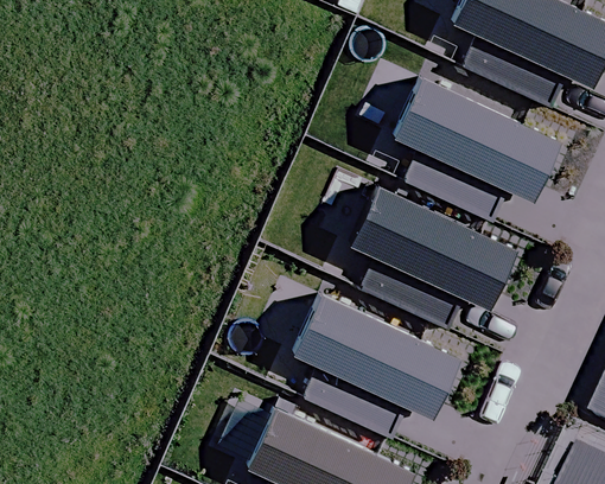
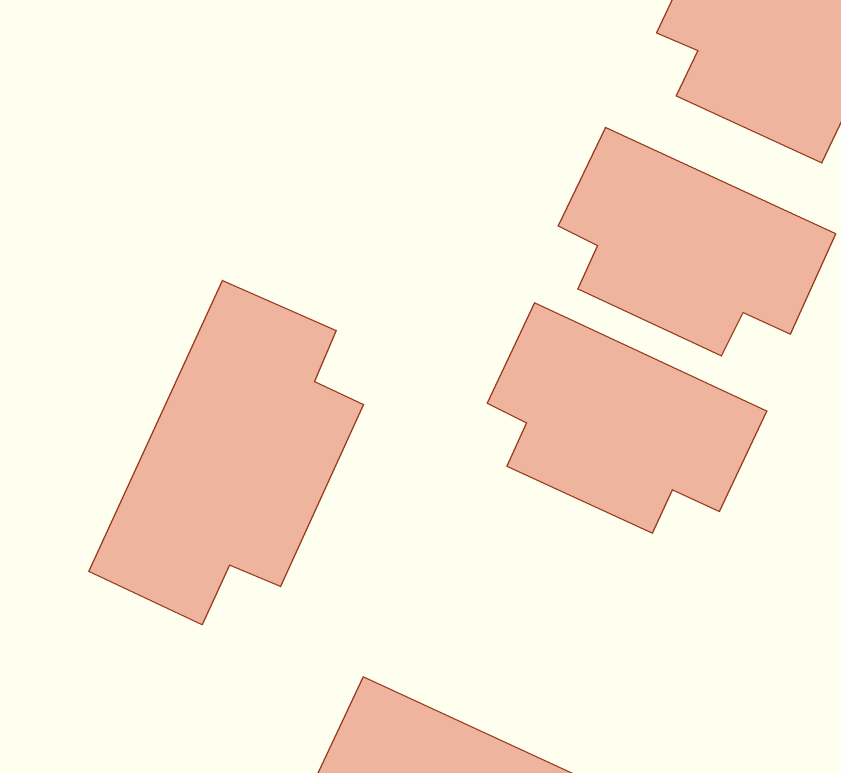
building: none -> [89,280,363,625]
building: [292,294,459,433] -> none

